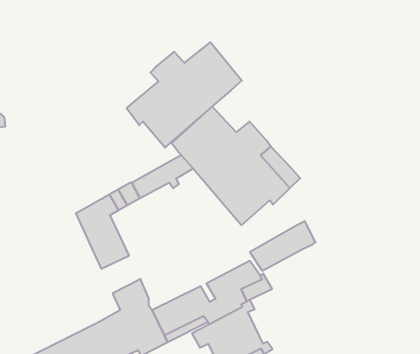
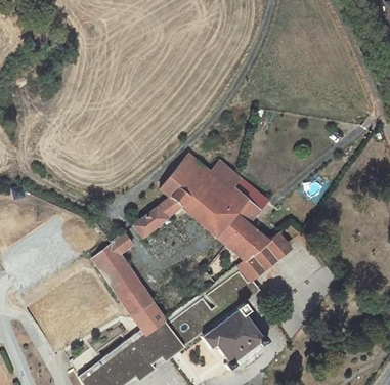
building: [127,42,242,148] -> none
building: none -> [227,220,269,259]
building: none -> [121,283,154,315]

